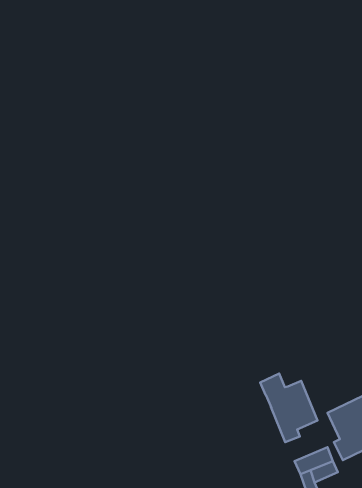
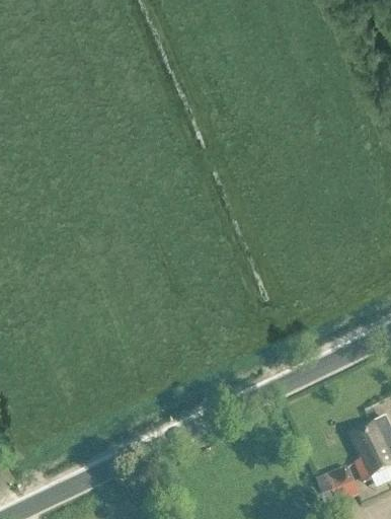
building: [260,373,318,442] -> none

